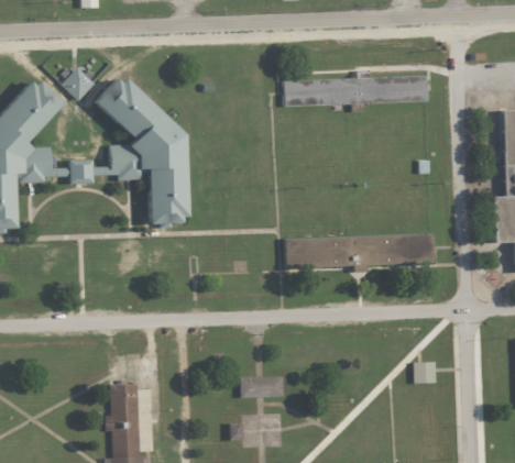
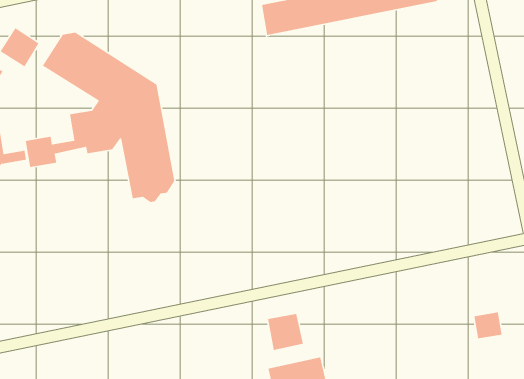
building: [283,233,432,273] -> none
building: none -> [267,313,304,351]

